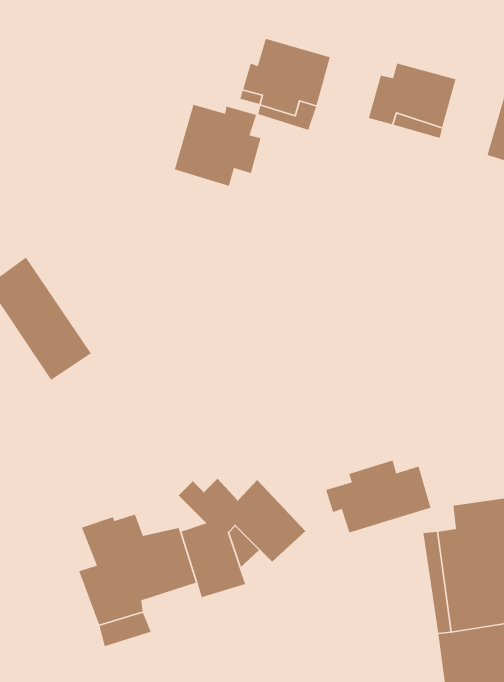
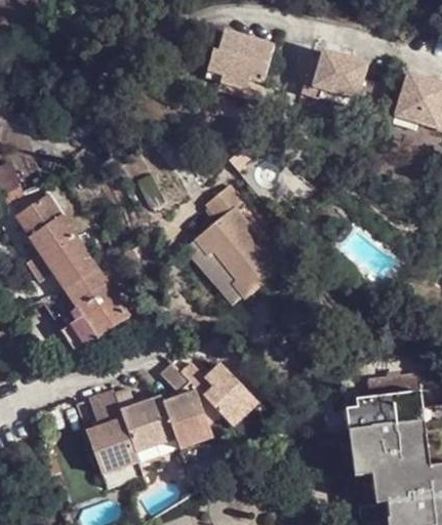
building: [174,104,261,187] -> none
building: none -> [194,181,284,297]
building: none -> [40,268,128,348]
building: [325,459,431,534] -> none

